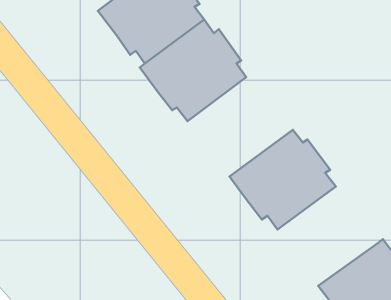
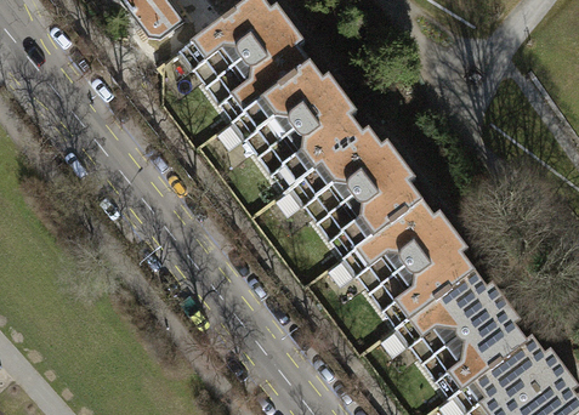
building: none -> [290,130,421,254]
building: none -> [394,271,527,394]

